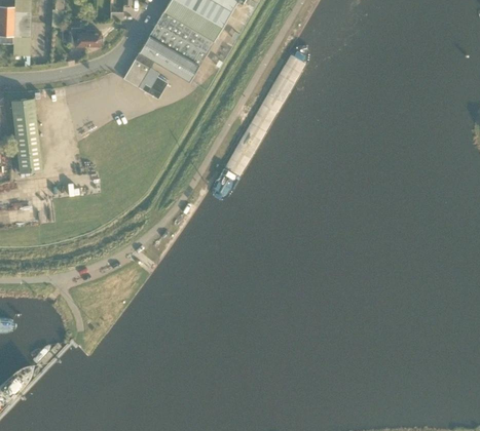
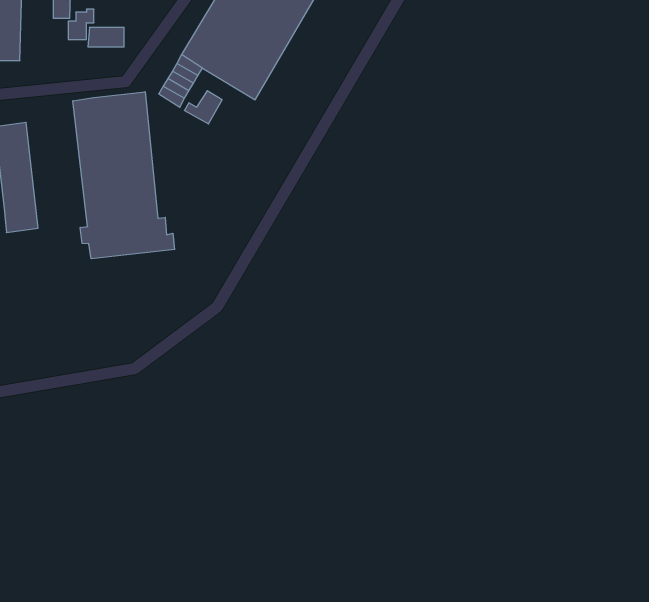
building: none -> [73,92,175,259]

